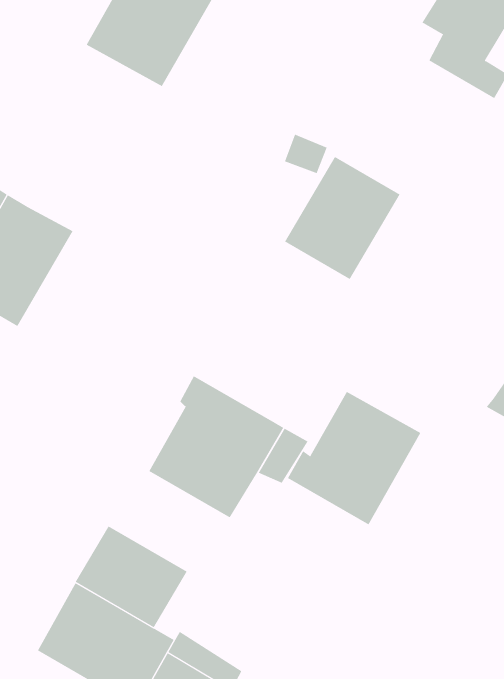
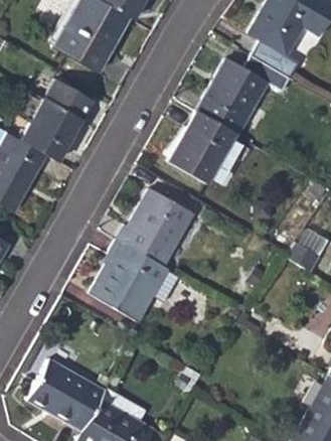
building: none -> [198,55,291,134]
building: none -> [21,79,93,160]
building: [287,391,421,525] -> [117,187,194,265]
building: [75,525,188,628] -> none

